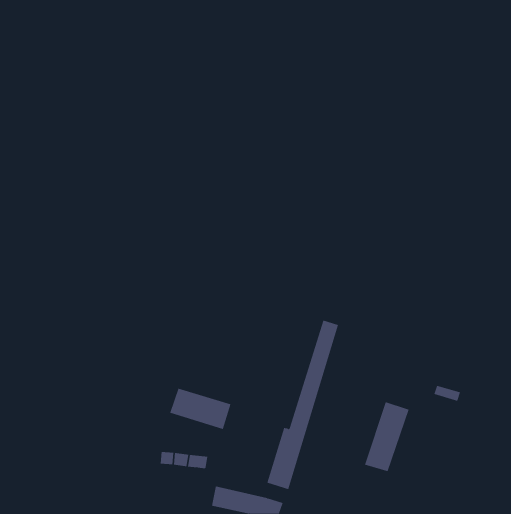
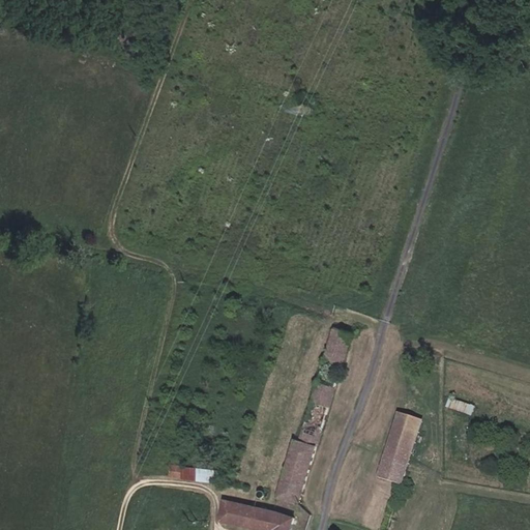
building: [169,388,231,430] -> none

